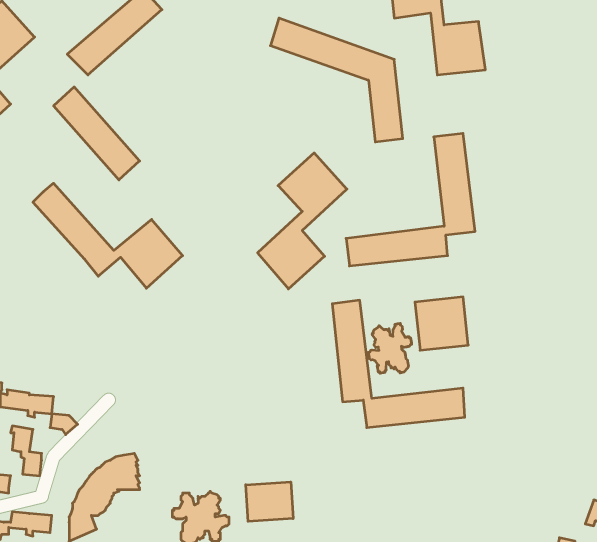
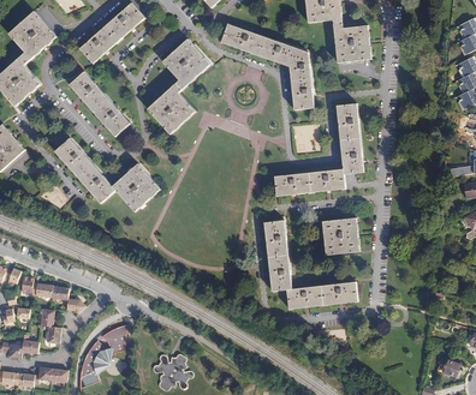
building: [258,153,347,289] -> [148,38,210,133]
building: [368,323,412,373] -> none
building: [246,482,293,521] -> none

